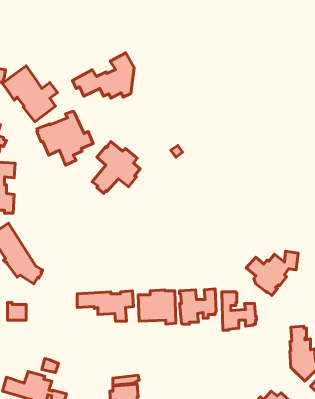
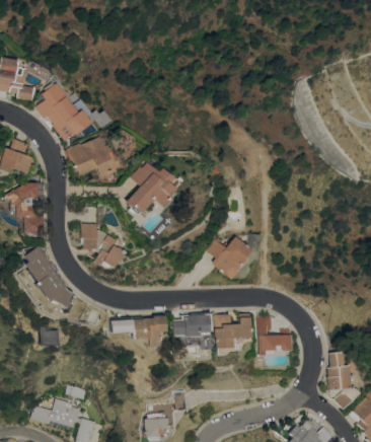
building: [73,53,134,98] -> none
building: none -> [82,207,128,268]
building: [246,251,298,295] -> [207,233,261,279]

